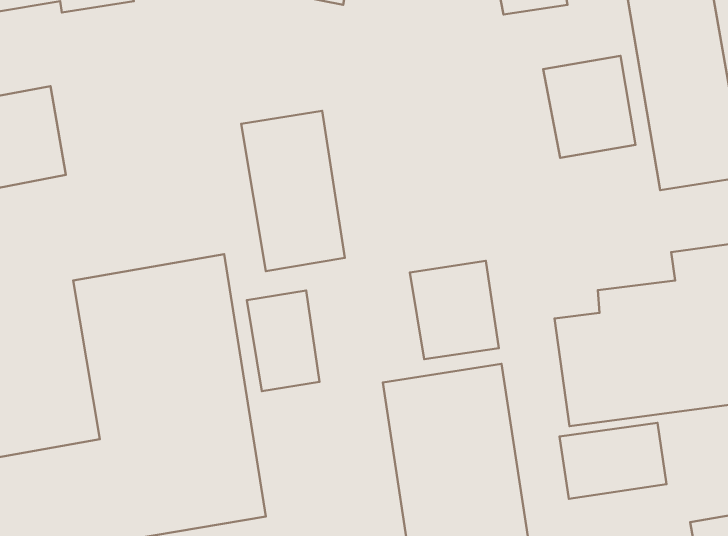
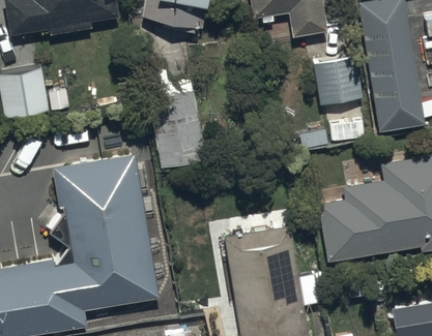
building: [410,261,499,359] -> none
building: [247,291,320,391] -> none
building: [559,423,666,499] -> none

